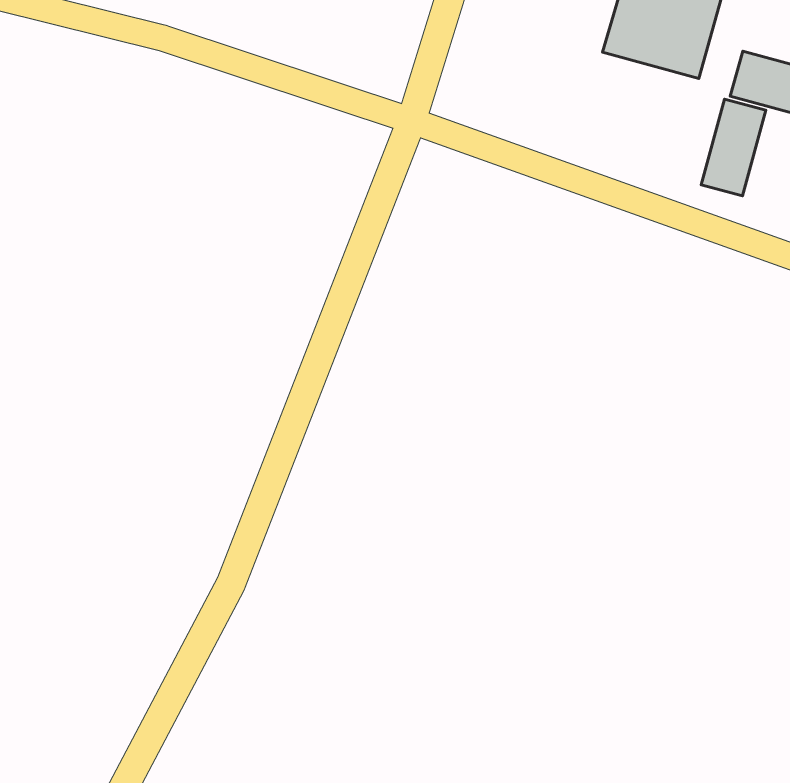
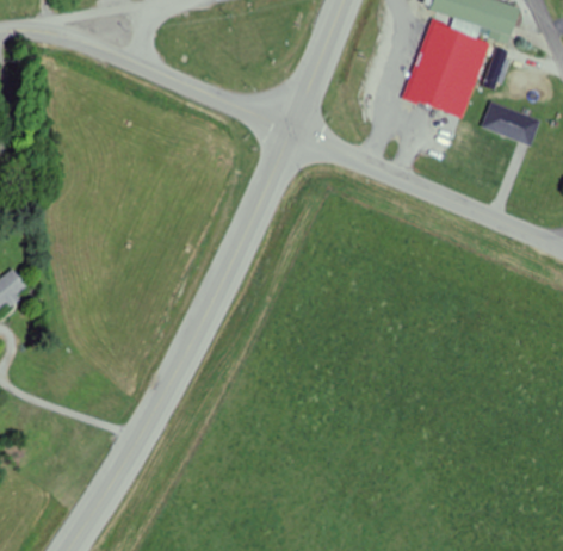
building: [701,99,766,196] -> none

